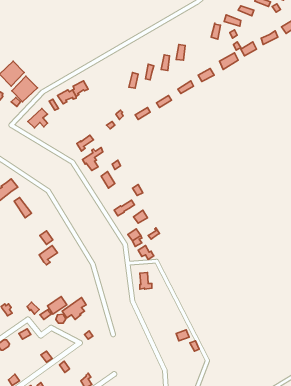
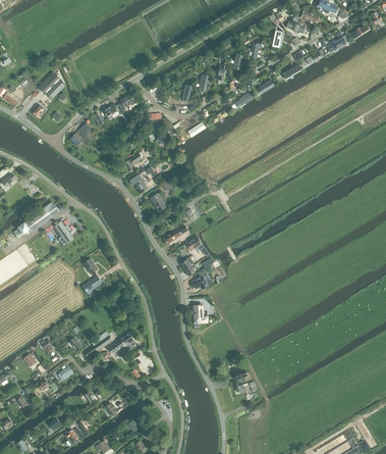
building: [12,76,37,102] -> none

